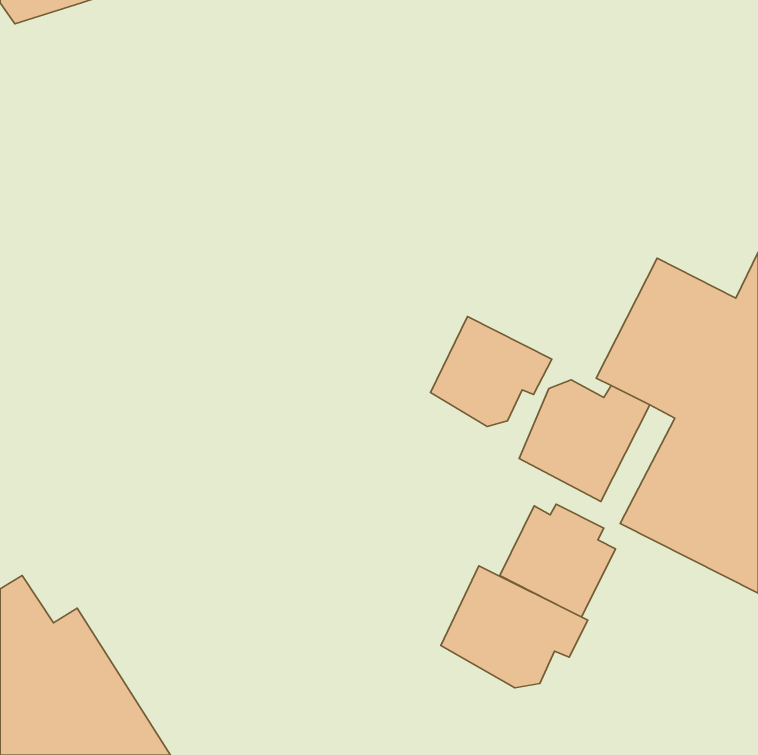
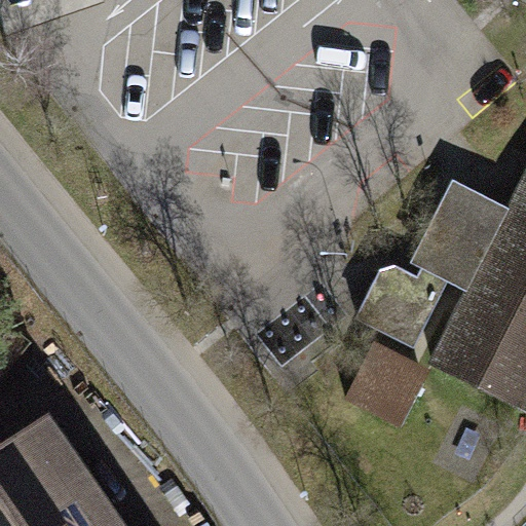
building: [430,317,552,427] -> none
building: [441,566,588,688] -> none

